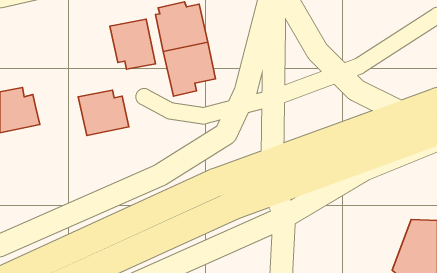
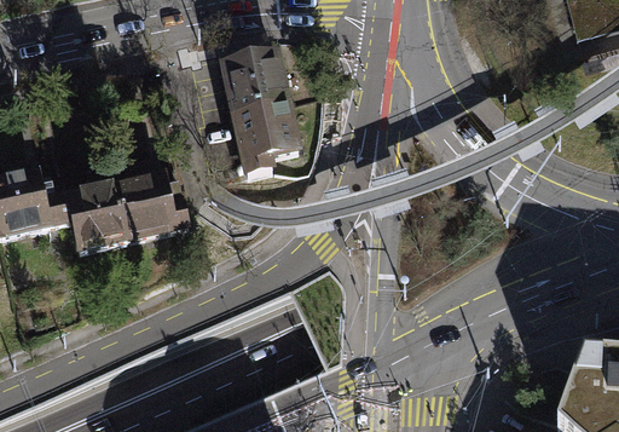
building: [110,19,156,69] -> none
building: none -> [51,182,123,247]

